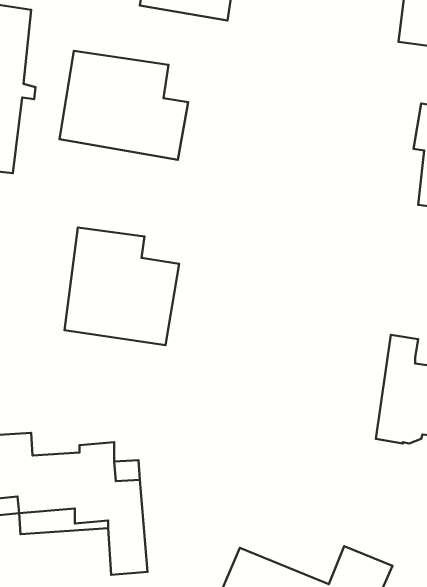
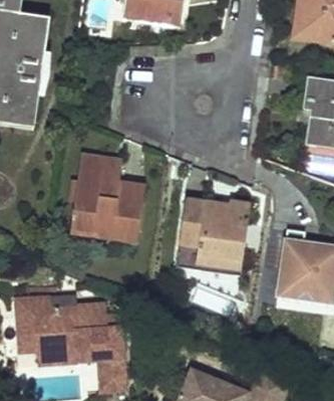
building: [60,51,188,160] -> none
building: none -> [177,199,247,268]

